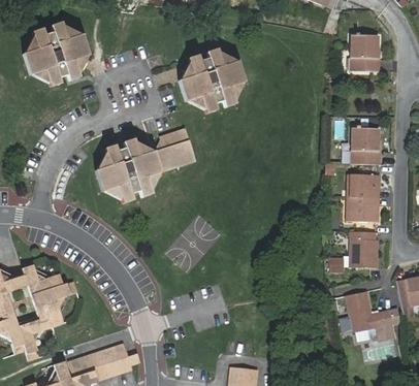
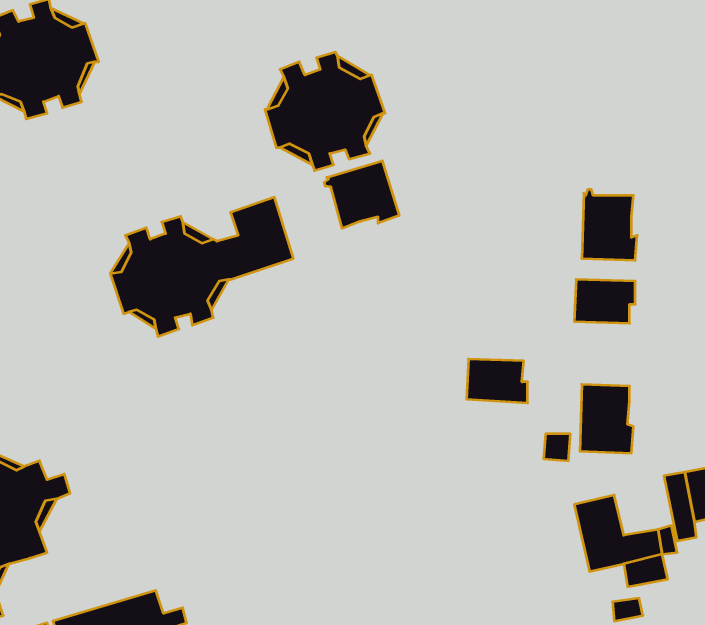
building: [349,31,379,69] -> none
building: none -> [324,161,399,228]
building: [346,196,379,220] -> [467,359,528,403]

